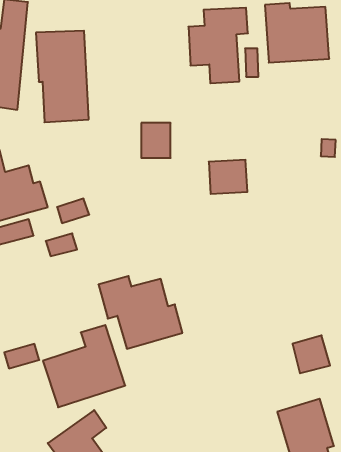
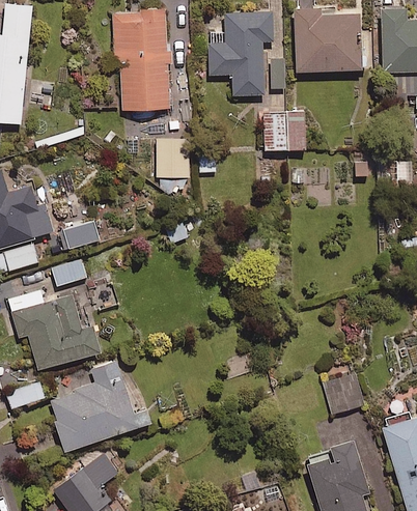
building: [36,31,89,122] -> [112,10,170,111]
building: [209,160,247,194] -> [263,113,306,150]
building: [98,276,182,349] -> [7,290,100,370]

